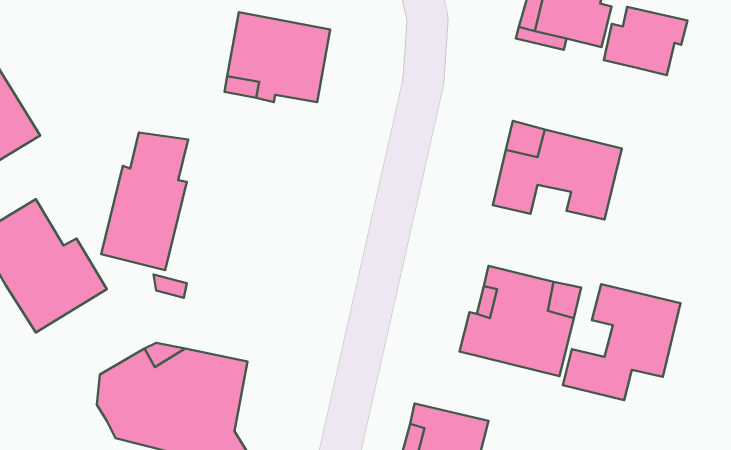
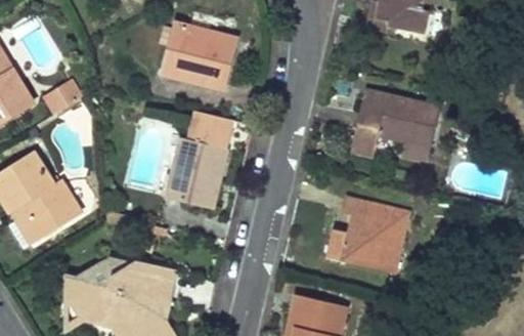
building: [604,7,688,75] -> none
building: none -> [42,77,84,115]
building: [101,132,188,270] -> [170,103,231,201]
building: [563,284,680,400] -> none

